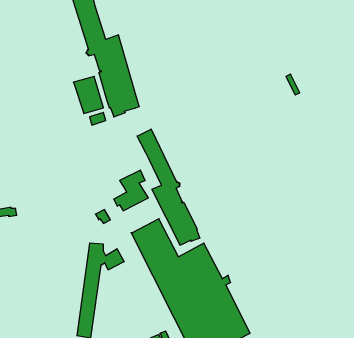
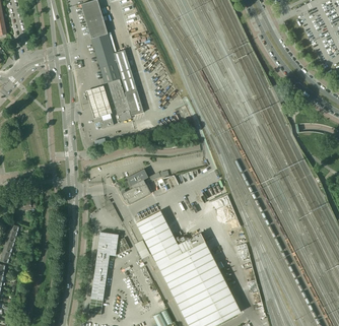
building: [137,129,200,245] -> none

